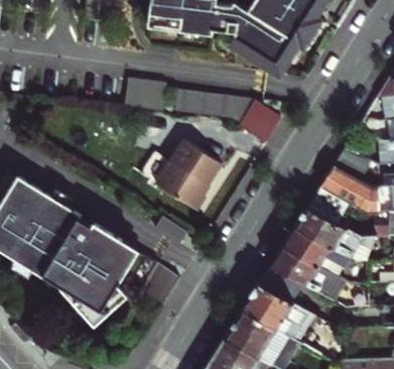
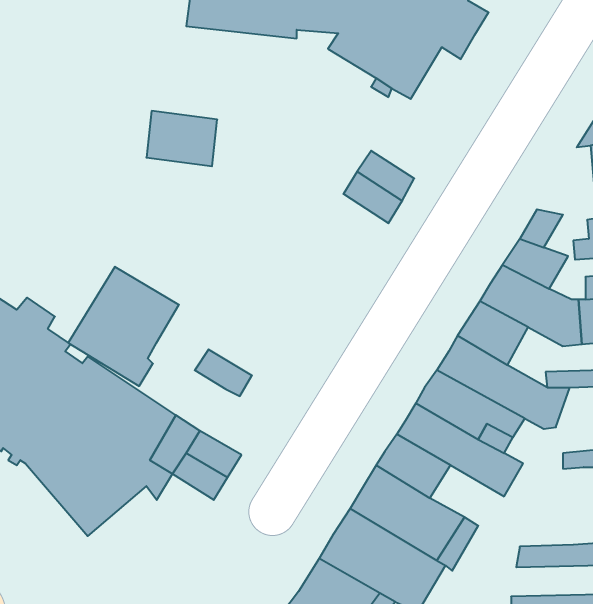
building: [176,90,256,119] -> none
building: [157,142,222,212] -> [68,267,179,386]

